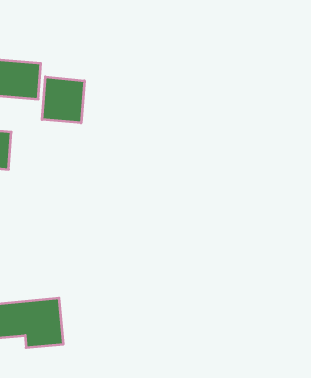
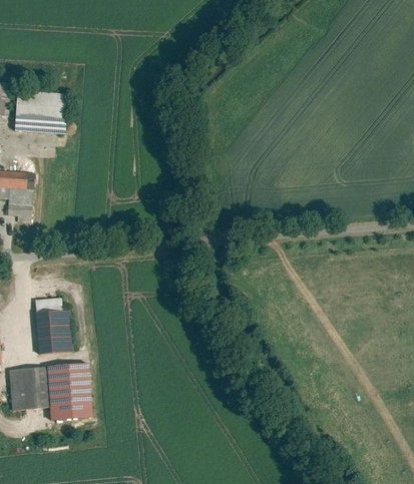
building: [42,77,84,123] -> none
building: none -> [32,297,71,355]

